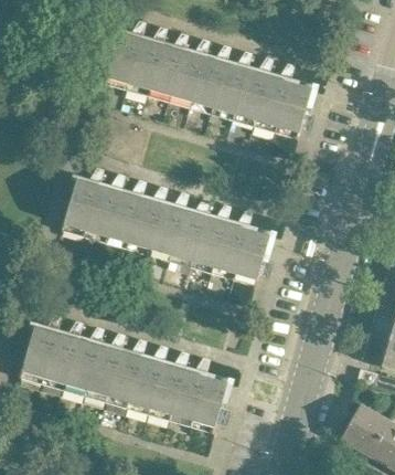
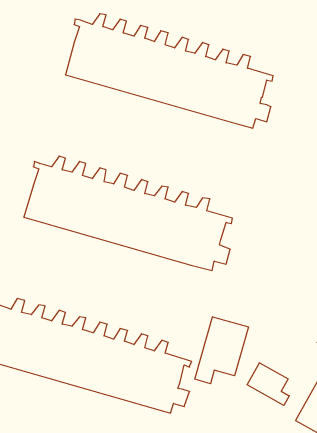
building: none -> [195,317,248,384]
building: none -> [247,363,289,405]

